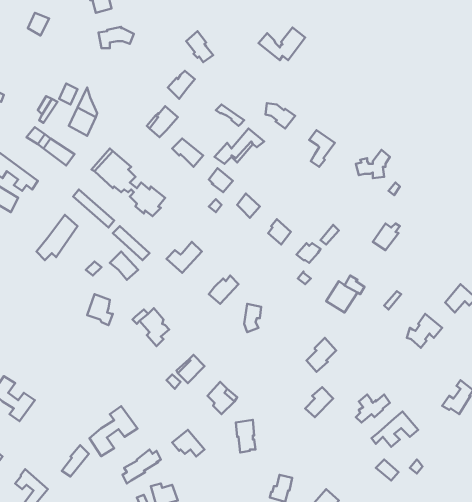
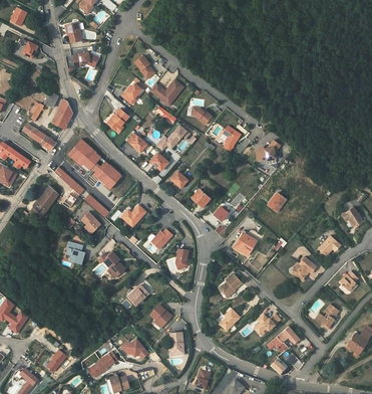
building: [259,28,305,60] -> [150,79,183,103]
building: [89,406,138,456] -> none

